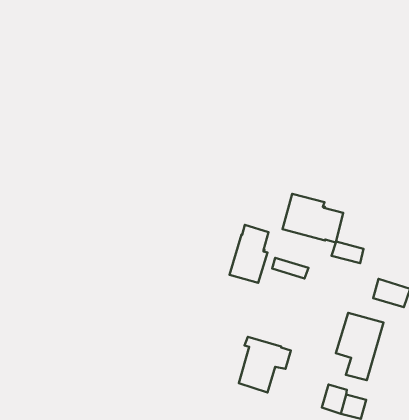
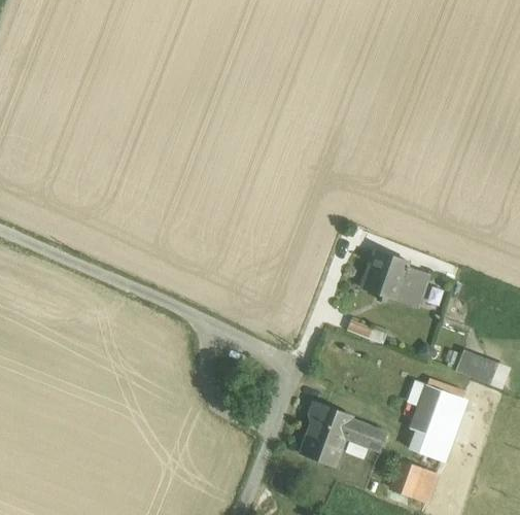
building: [230,225,268,283] -> none
building: [332,241,363,263] -> none
building: none -> [353,421,387,451]

